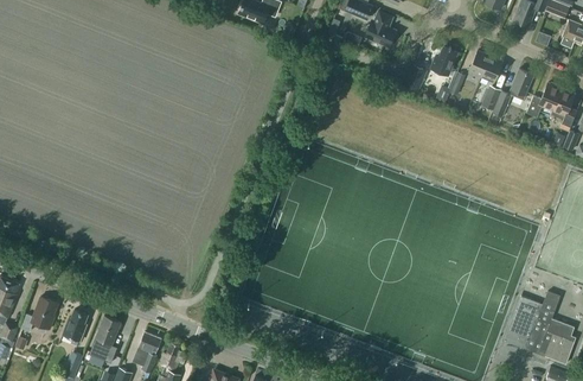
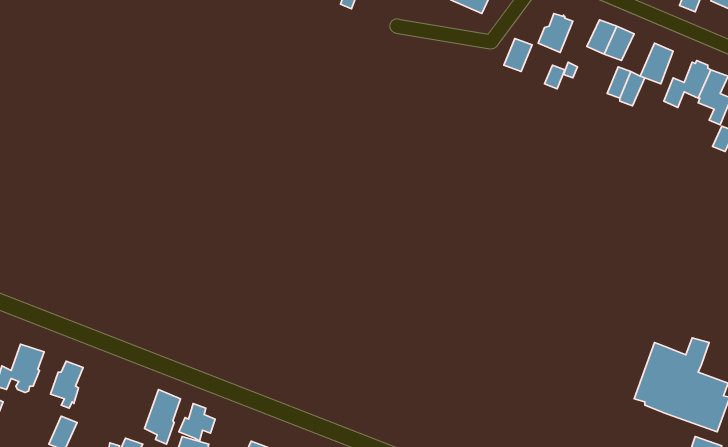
building: [89,316,121,363] -> none

